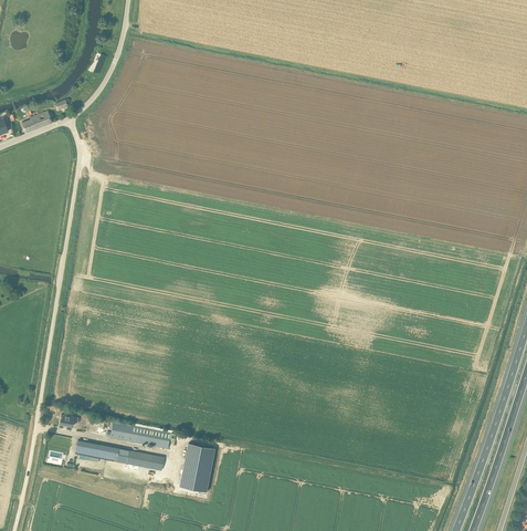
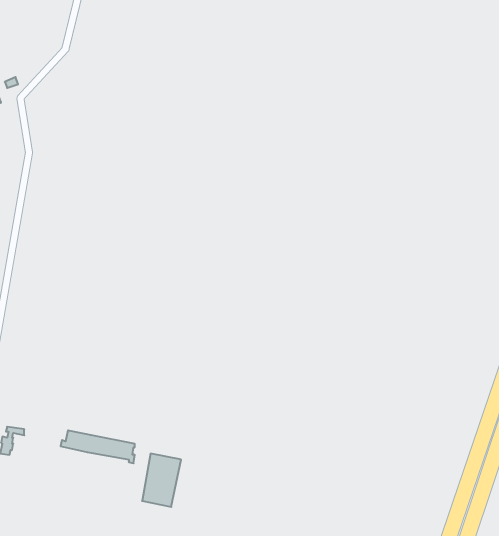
building: [75,440,164,471] -> none

